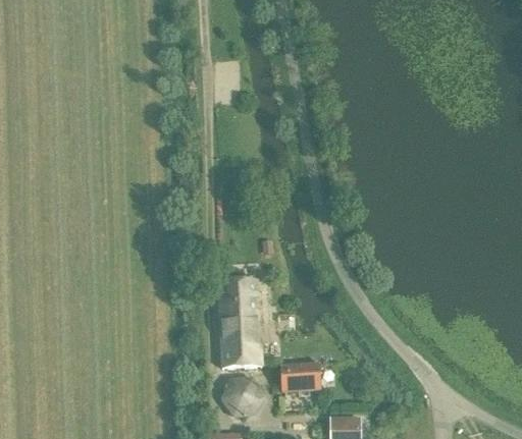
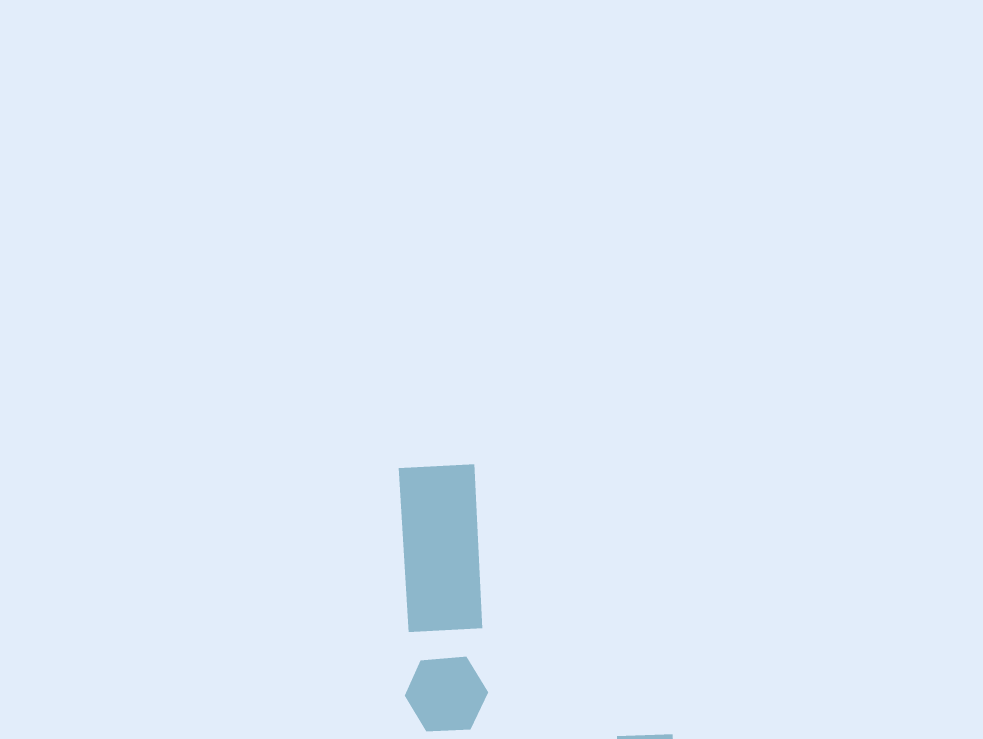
building: [279,363,320,390] -> none

